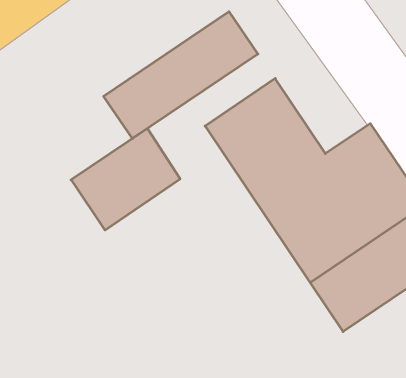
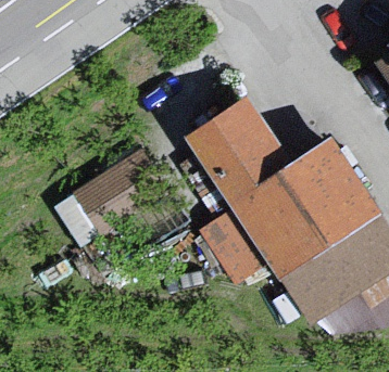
building: [104,12,258,139] -> none

